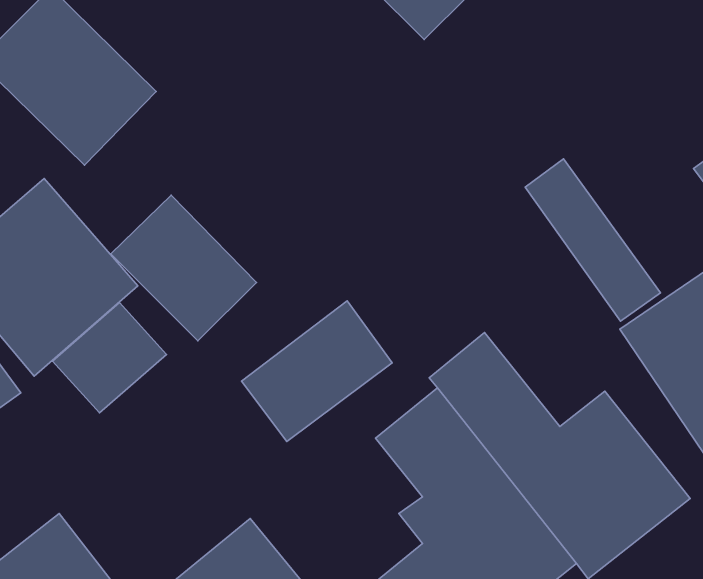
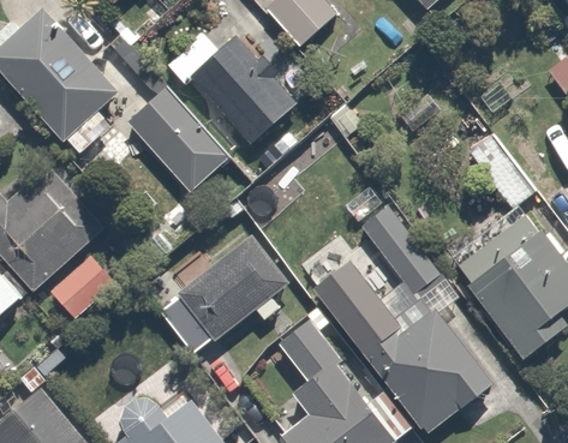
building: none -> [185,36,293,145]
building: [525,159,661,321] -> [346,179,443,295]
building: [111,195,256,341] -> [122,84,227,188]

